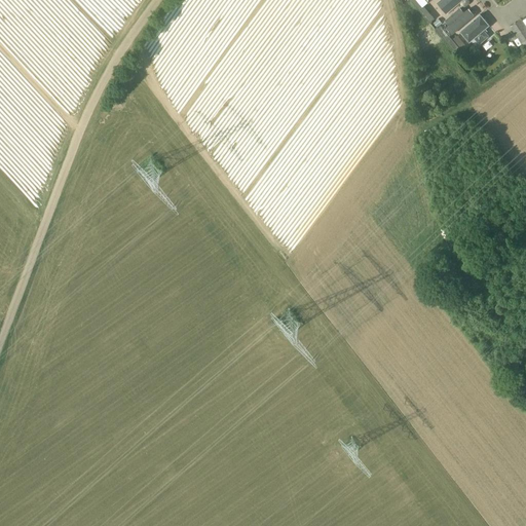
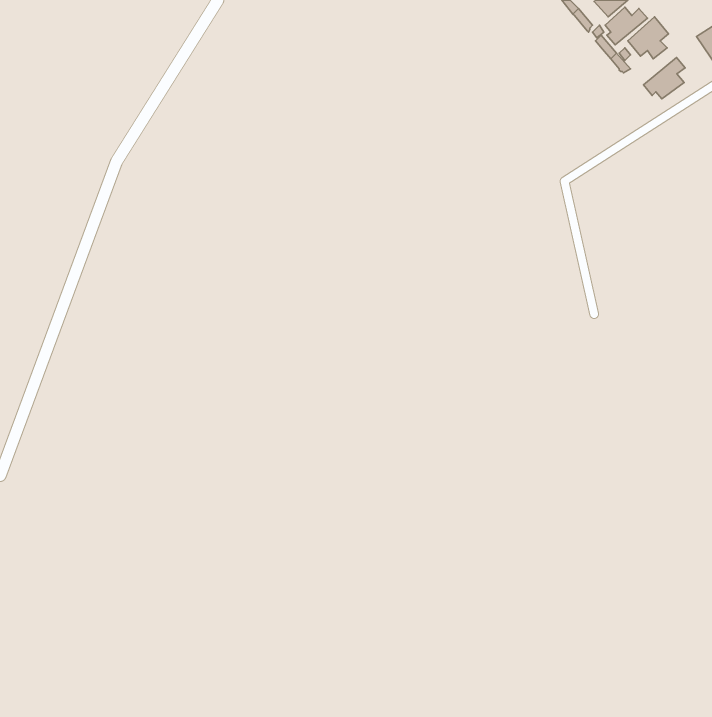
building: none -> [644,57,685,99]

